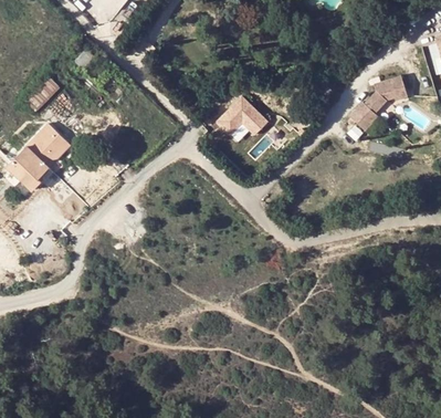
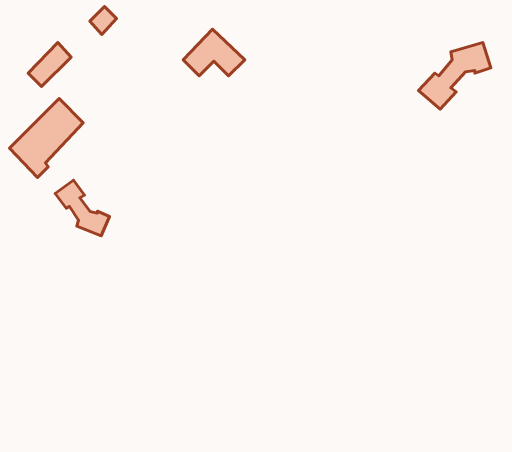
building: [217,94,267,133] -> [183,29,245,76]
building: none -> [55,180,110,236]

